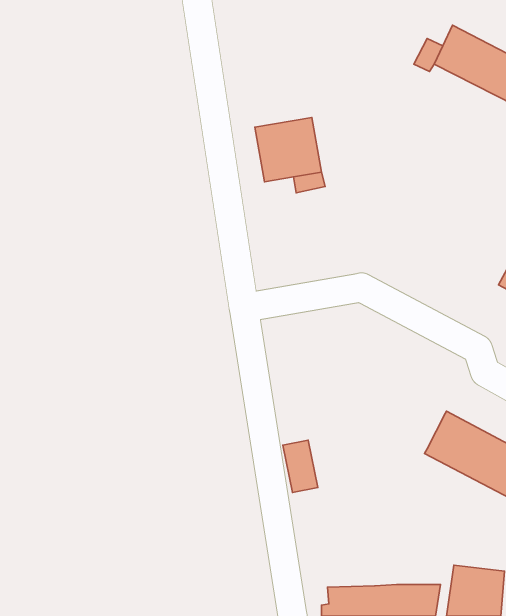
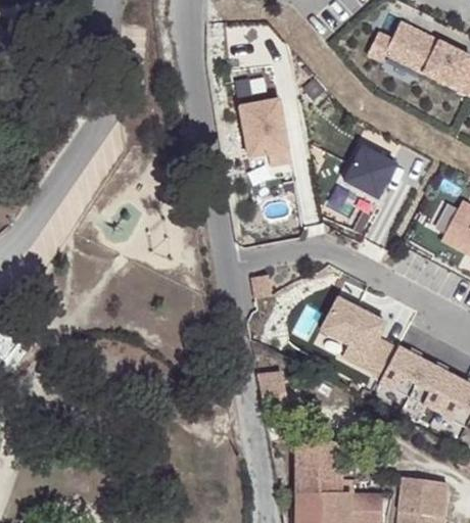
building: none -> [342,145,395,198]
building: none -> [321,298,395,378]
building: none -> [295,440,355,494]

